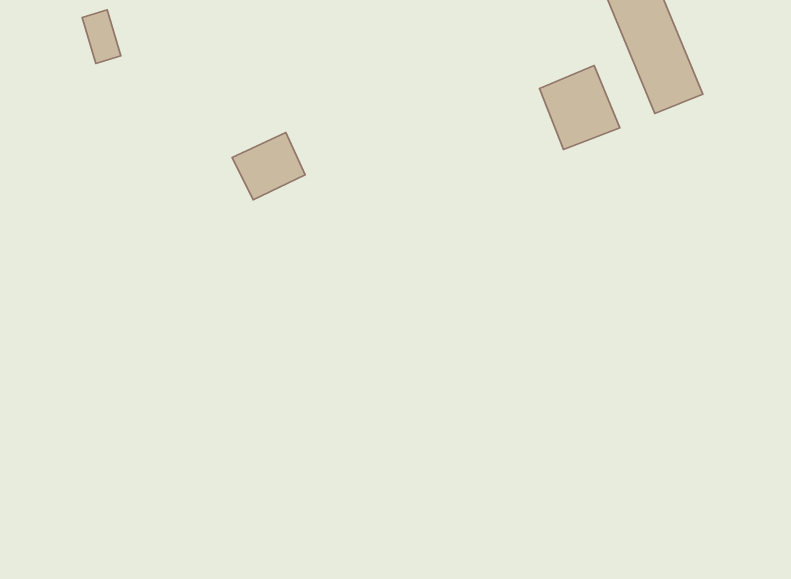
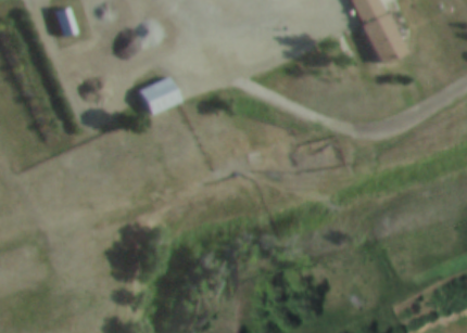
building: [539,65,620,150] -> none

